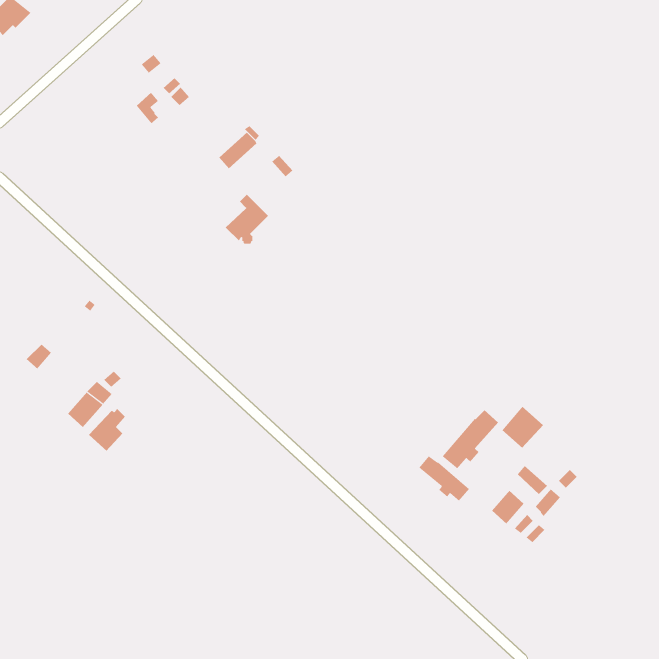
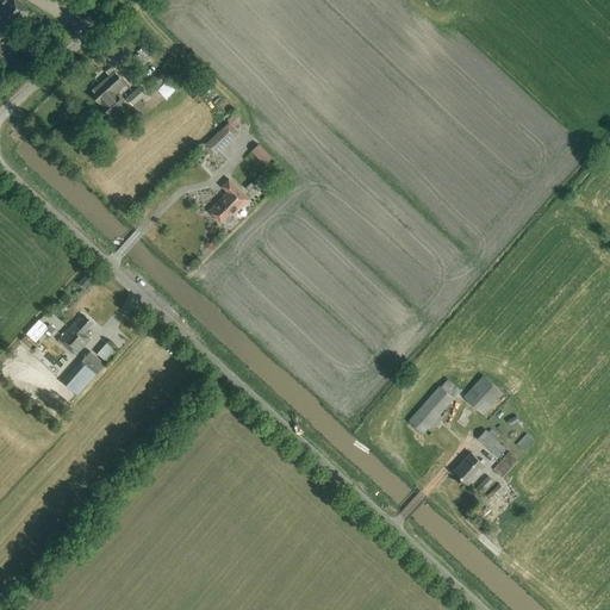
building: none -> [91,70,125,114]
building: [88,408,126,452] -> [57,315,92,355]
building: [419,455,470,501] -> none

